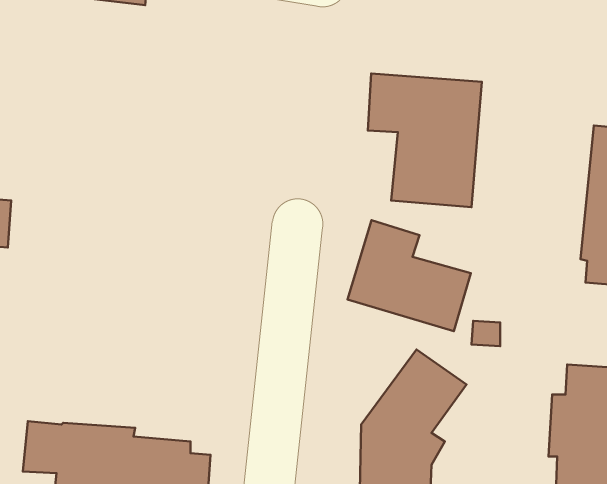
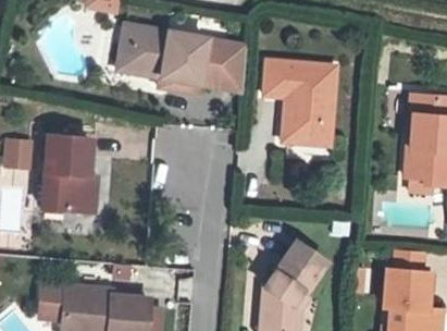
building: none -> [113,22,249,96]
building: none -> [41,134,101,214]
building: [347,220,471,331] -> none

